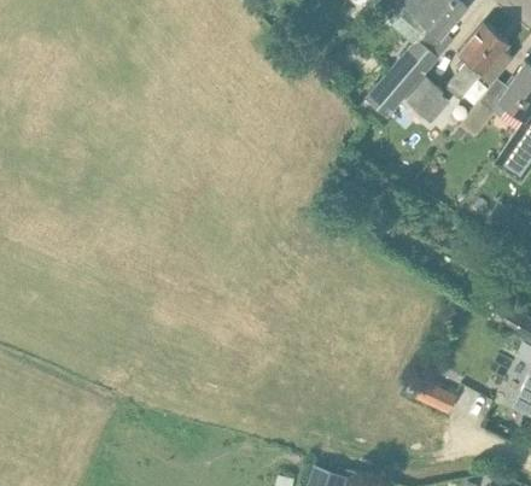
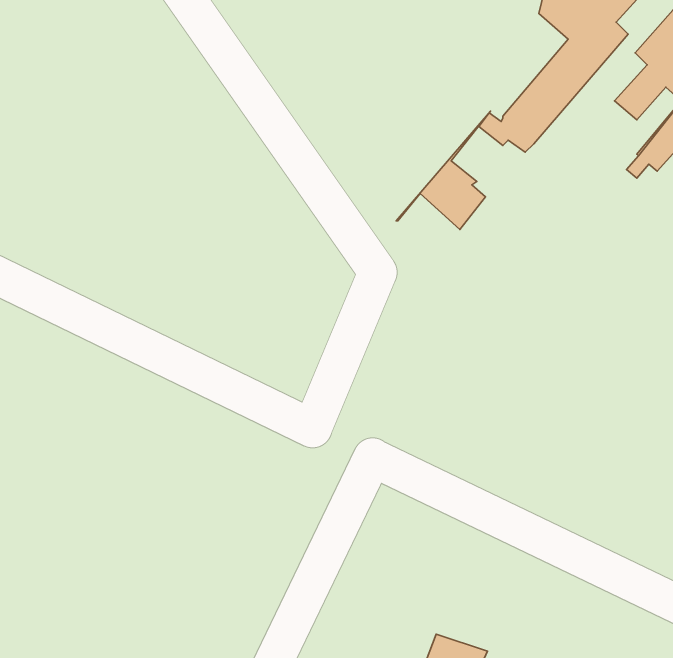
building: [386,40,453,123] -> [396,111,491,229]
building: [414,380,456,414] -> none

